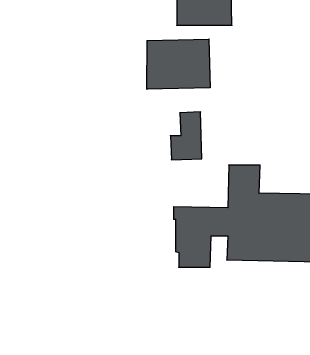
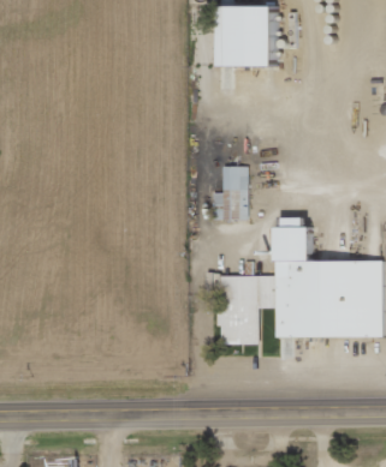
building: [147,39,210,89] -> none

